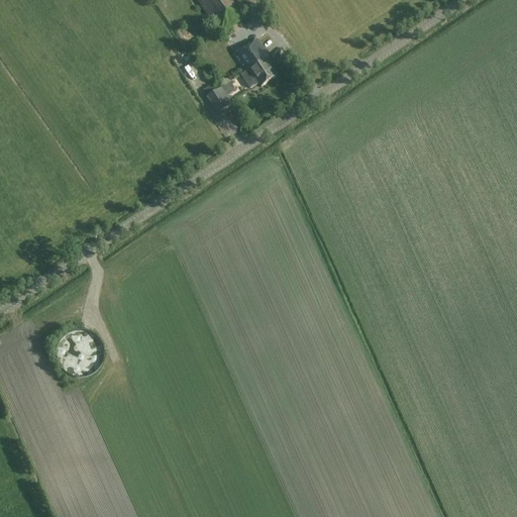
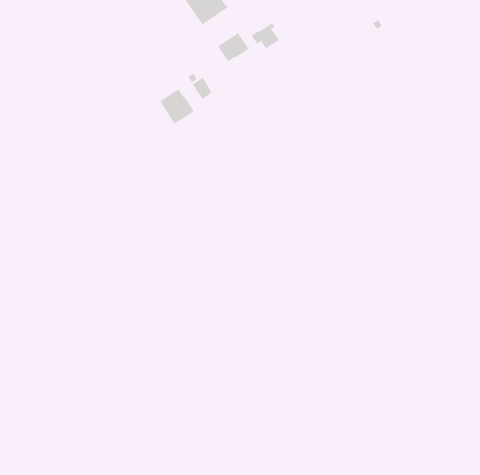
building: [243,53,275,82] -> [250,22,280,50]
building: none -> [159,89,195,125]

